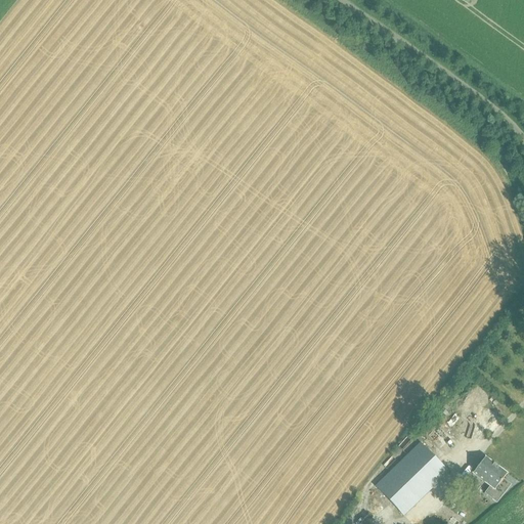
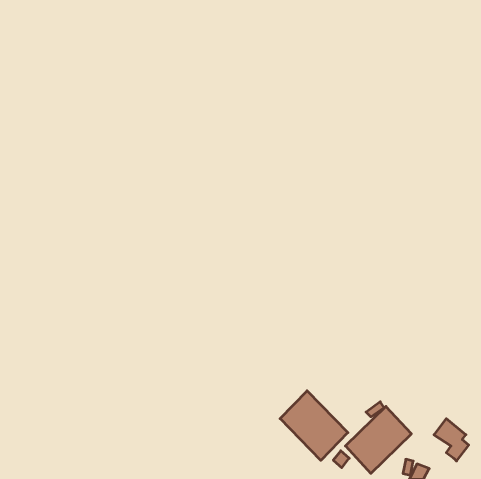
building: none -> [280,391,348,460]

